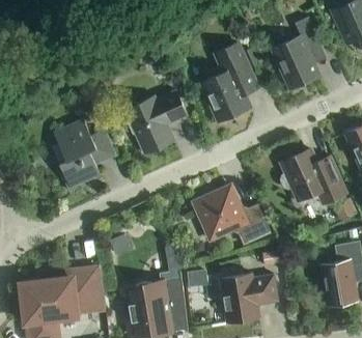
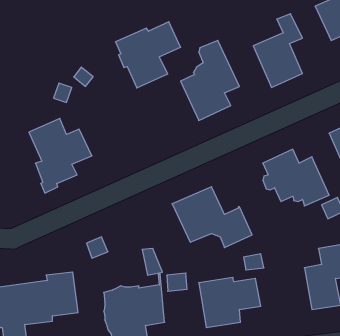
building: [124,90,188,154] -> [115,22,181,88]

